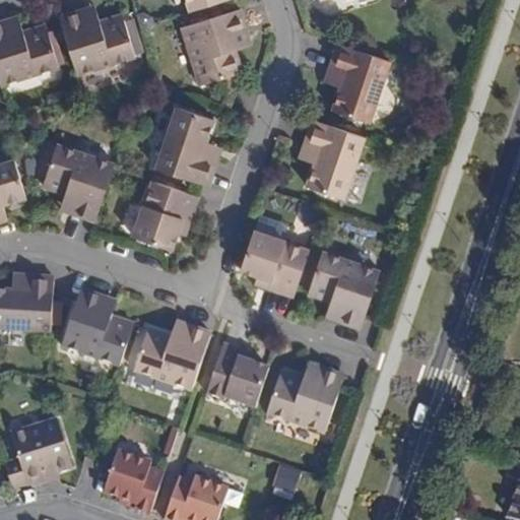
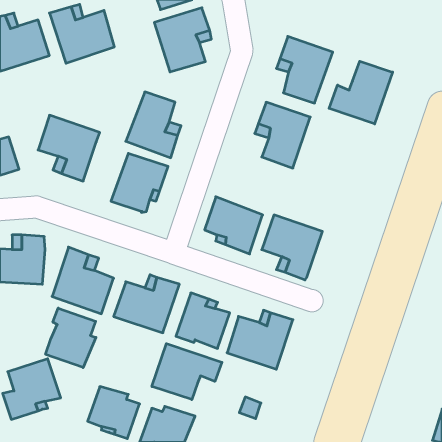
building: none -> [329,61,393,124]
building: none -> [46,308,96,368]
building: none -> [152,344,222,400]

